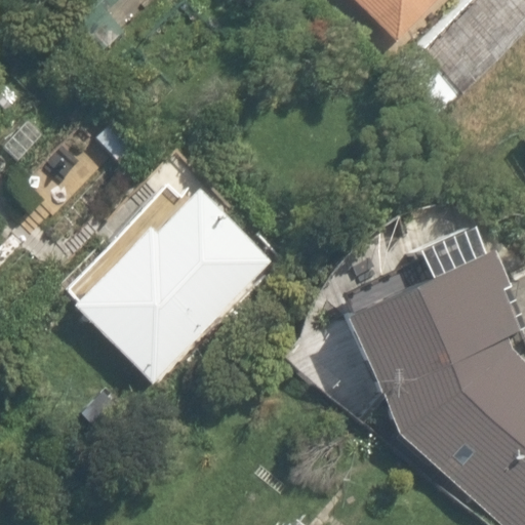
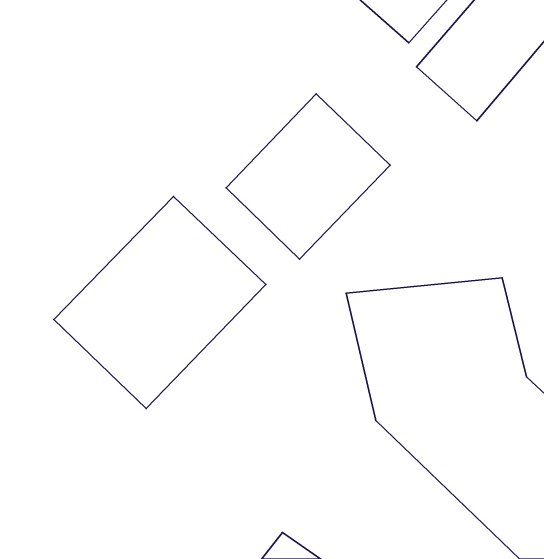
building: none -> [226,94,390,259]

